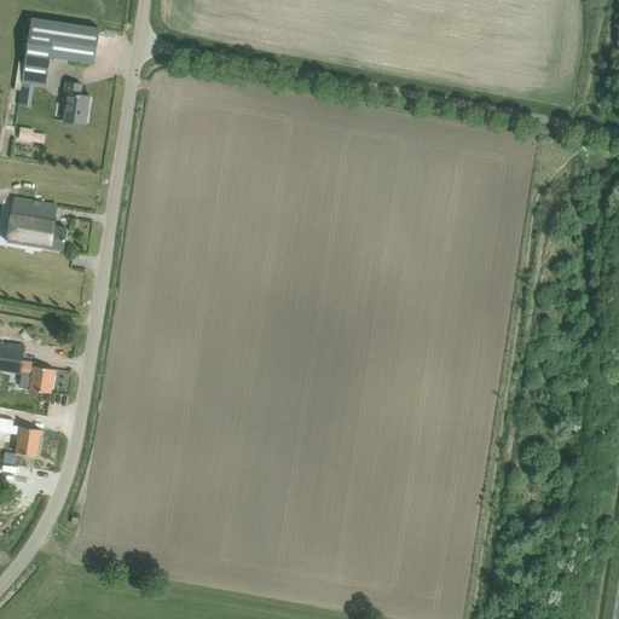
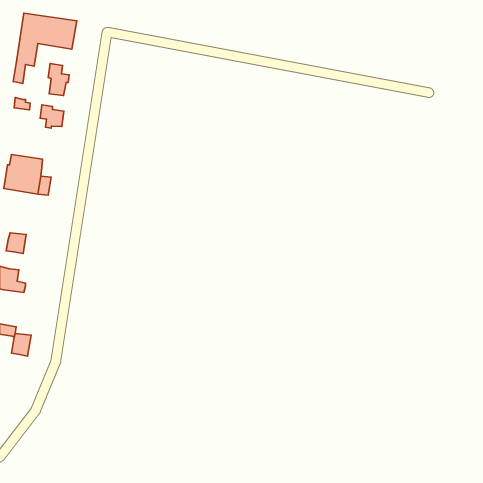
building: none -> [40,105,64,128]
building: [28,365,53,392] -> [6,233,26,254]

